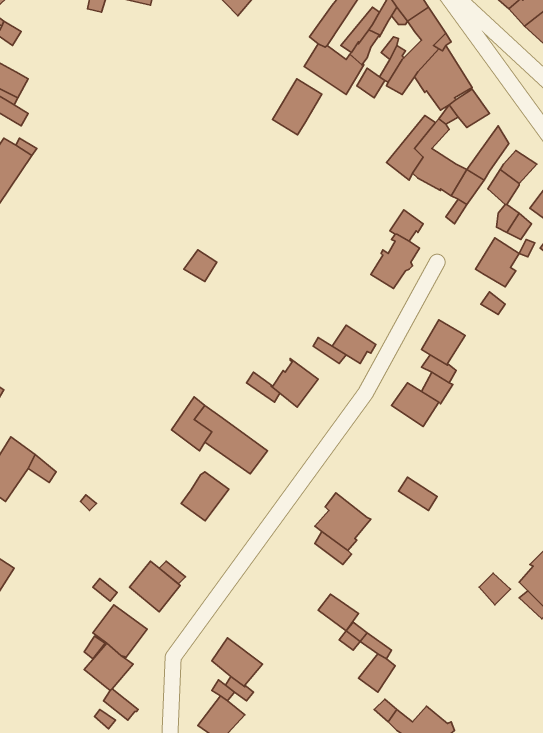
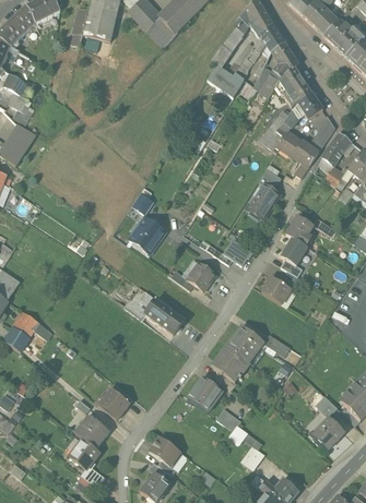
building: [272,79,322,135] -> none
building: [476,238,519,287] -> [285,214,312,244]
building: none -> [129,217,164,253]
building: none -> [226,324,264,360]
building: [181,472,229,521] -> none
building: none -> [187,376,223,411]
building: none -> [311,416,345,448]

